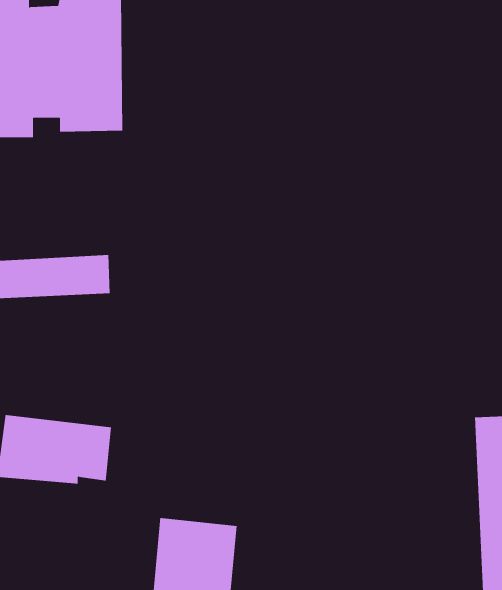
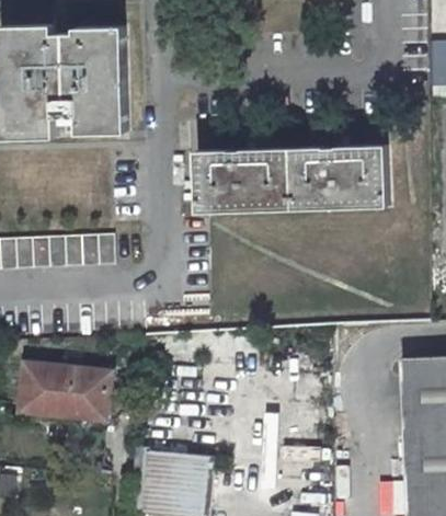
building: none -> [191,147,386,217]

